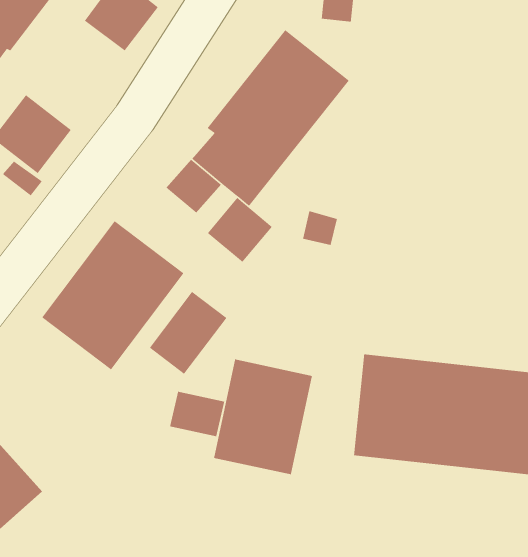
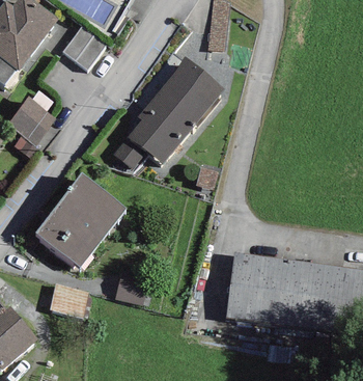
building: [207,197,273,263] -> none
building: [149,291,228,375] -> none
building: [213,359,313,475] -> none
building: none -> [49,284,87,317]

